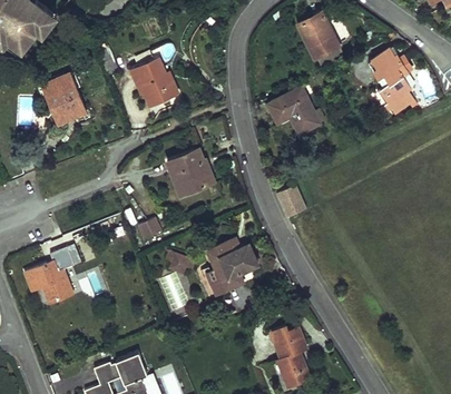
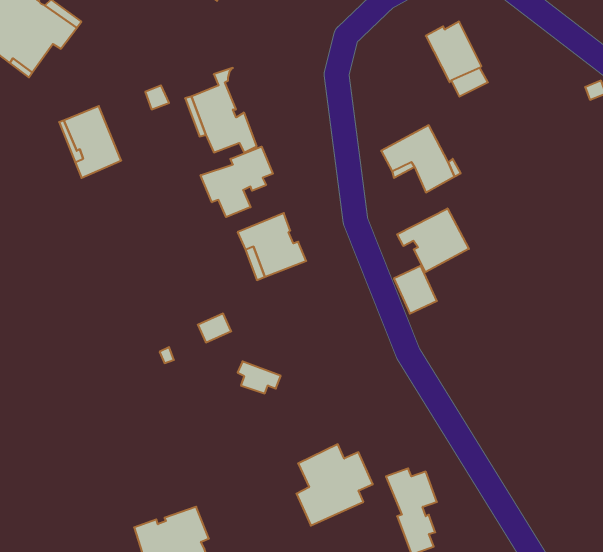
building: [367,50,413,115] -> none
building: none -> [201,147,273,217]
building: none -> [397,208,469,272]
building: [206,239,259,296] -> [296,444,373,526]
building: [26,252,73,304] -> none

